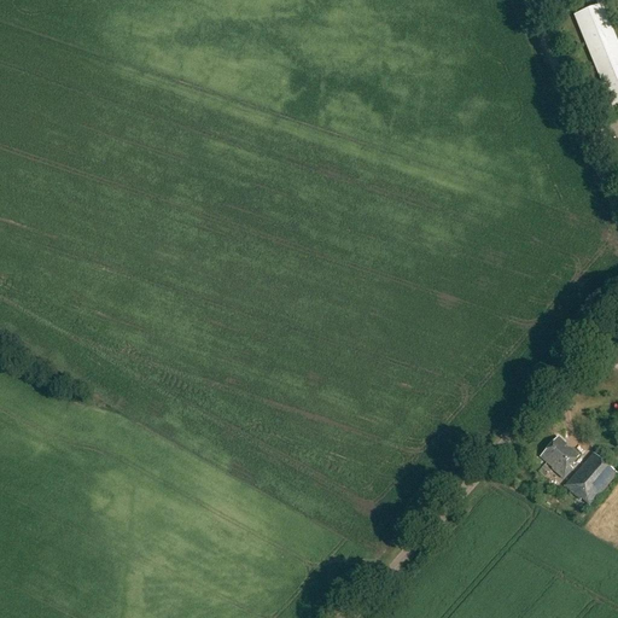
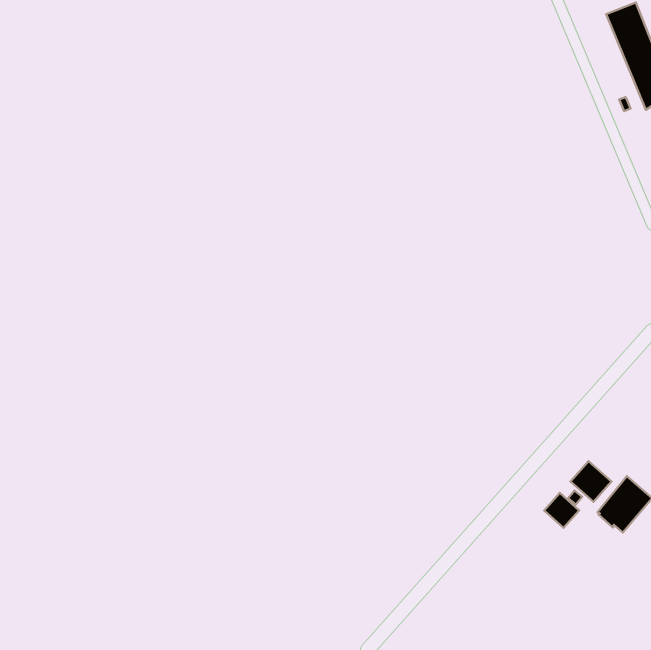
building: none -> [544,493,579,528]

